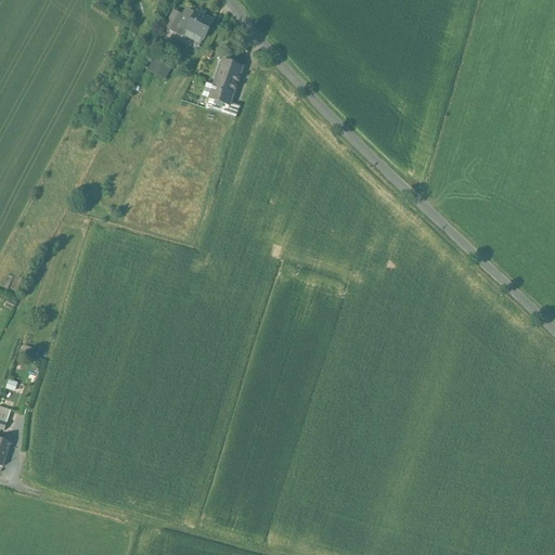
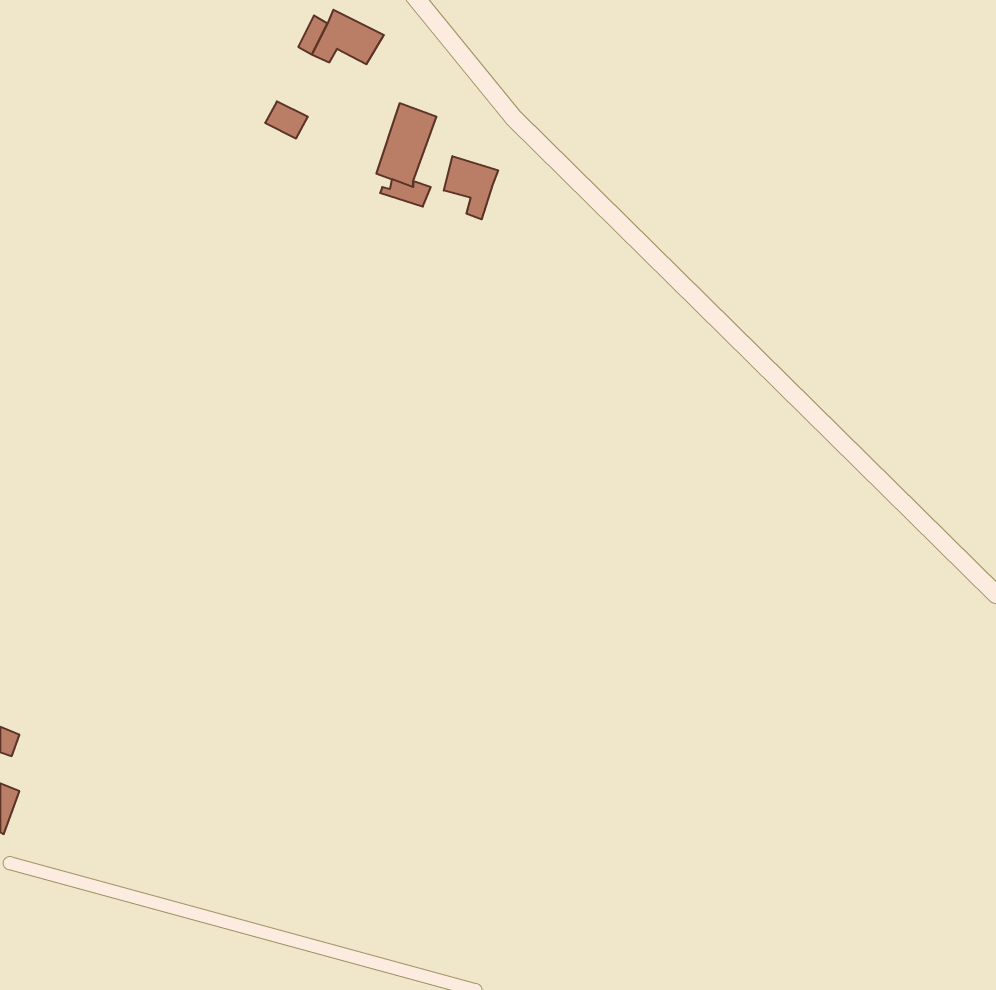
building: none -> [444,156,498,219]

